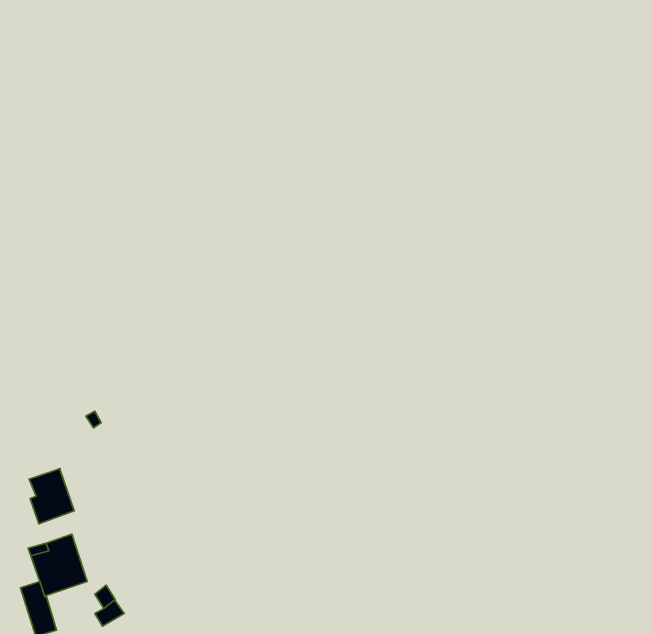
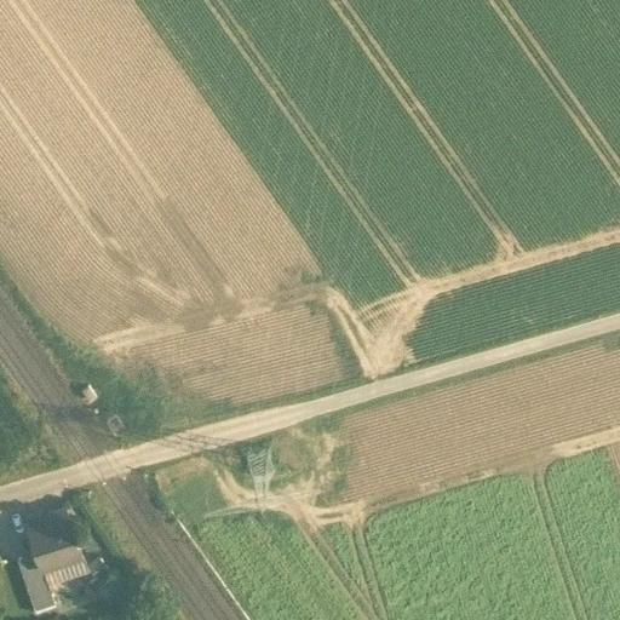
building: [29,468,74,524] -> none

